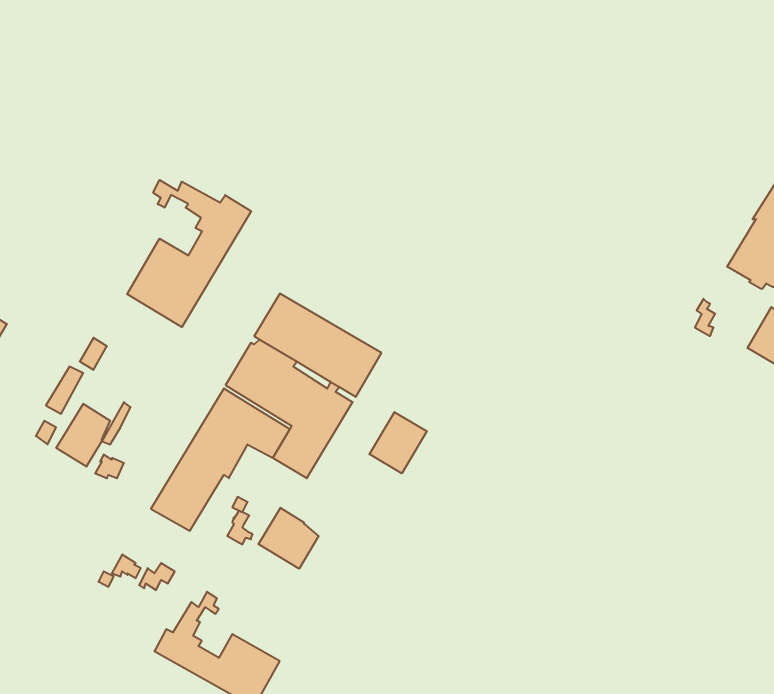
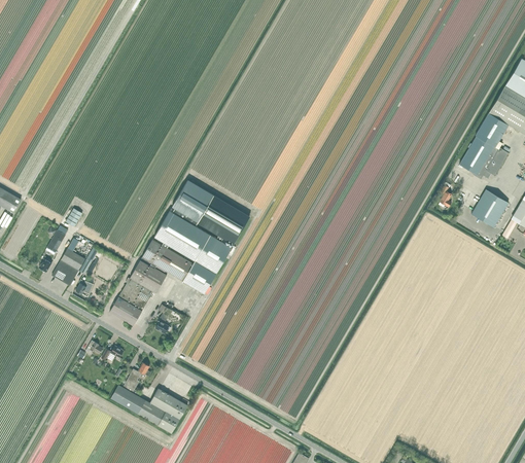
building: [127,180,251,327] -> none
building: [369,412,427,473] -> none
building: [258,508,319,569] -> none

